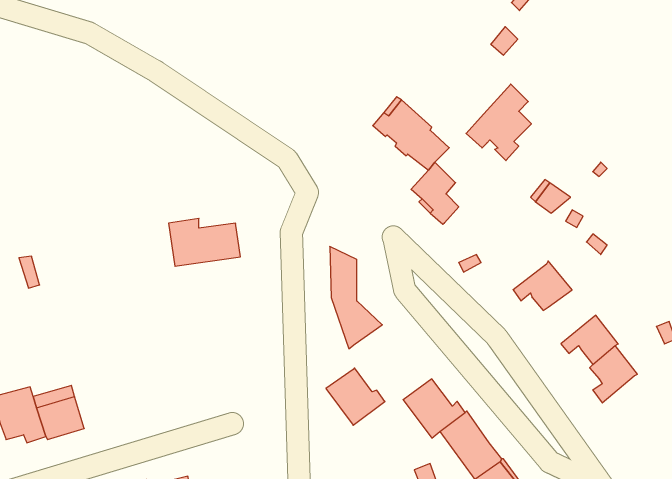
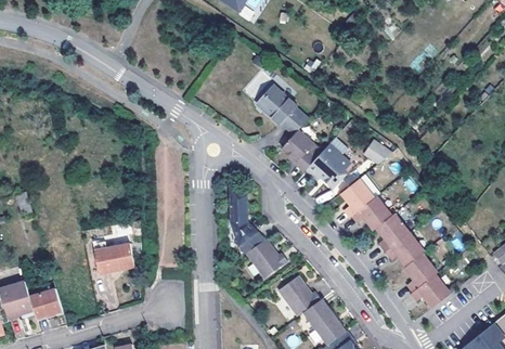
building: [466,84,531,161] -> [306,138,350,190]
building: [169,218,240,266] -> [92,241,141,273]
building: none -> [340,180,375,219]
building: none -> [376,216,409,254]
building: [326,368,385,425] -> [245,240,285,279]
building: none -> [411,275,450,309]

